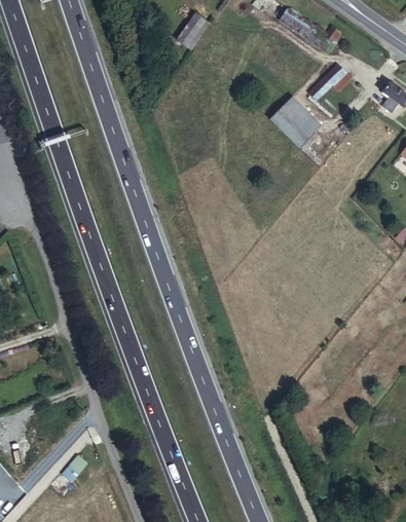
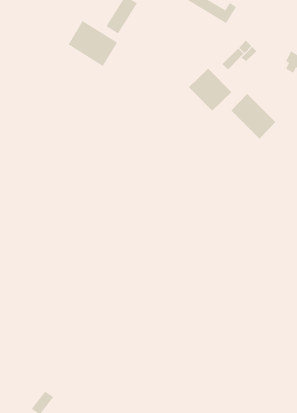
building: none -> [68,20,118,67]
building: none -> [231,93,276,140]

